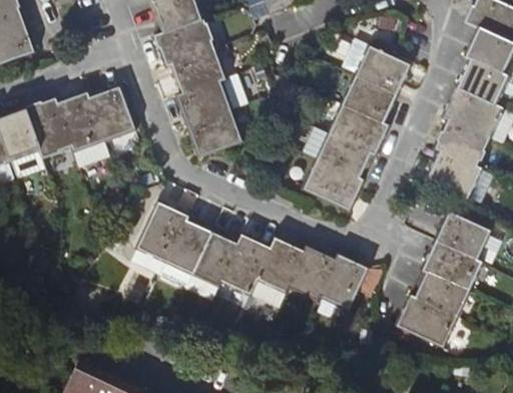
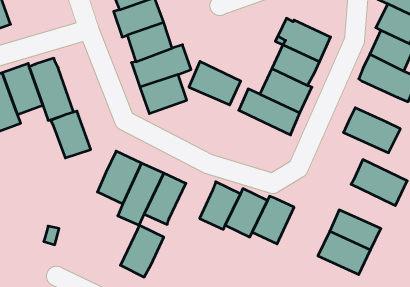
building: [87,86,134,141] -> [51,111,91,158]
building: [435,119,490,167] -> none
building: [303,159,364,211] -> [189,61,241,105]
building: [220,235,272,296] -> [120,225,164,277]
building: [421,241,483,293] -> none

